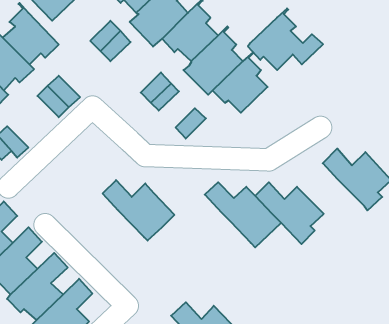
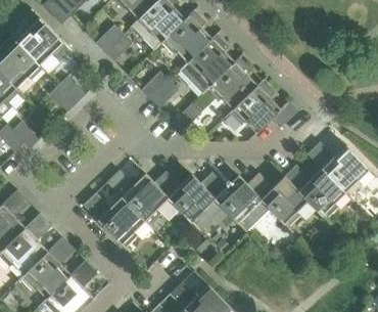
building: [248,8,323,70] -> [230,77,298,133]
building: none -> [283,164,344,220]
building: none -> [153,171,223,225]
building: none -> [83,193,144,249]

